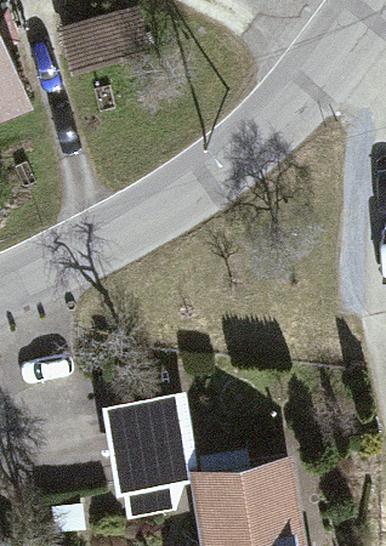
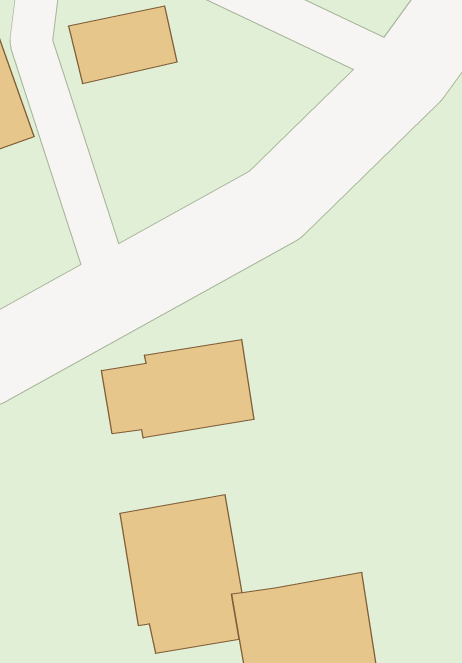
building: none -> [102,339,254,438]

